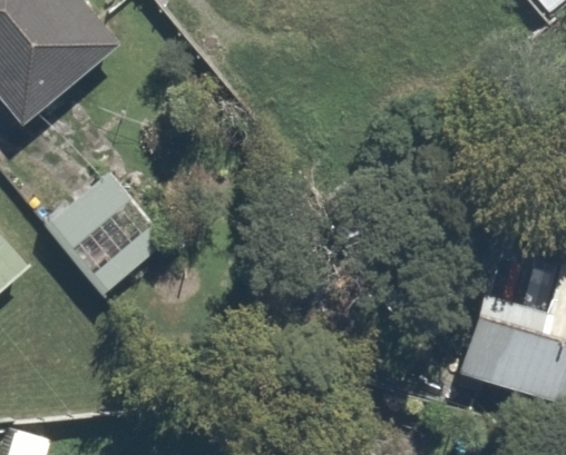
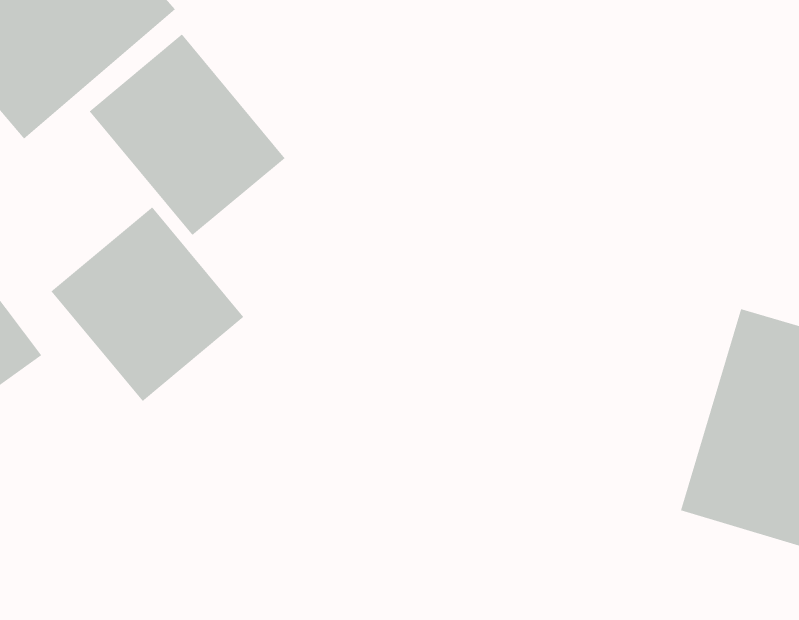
building: none -> [89,34,286,236]

